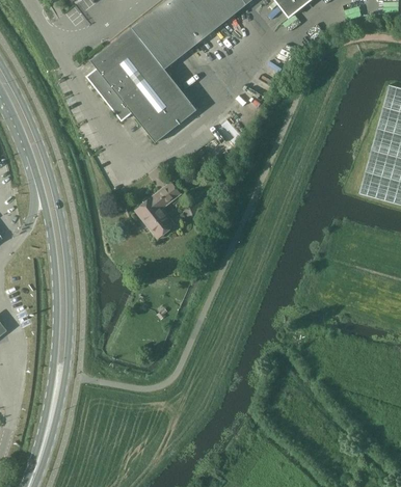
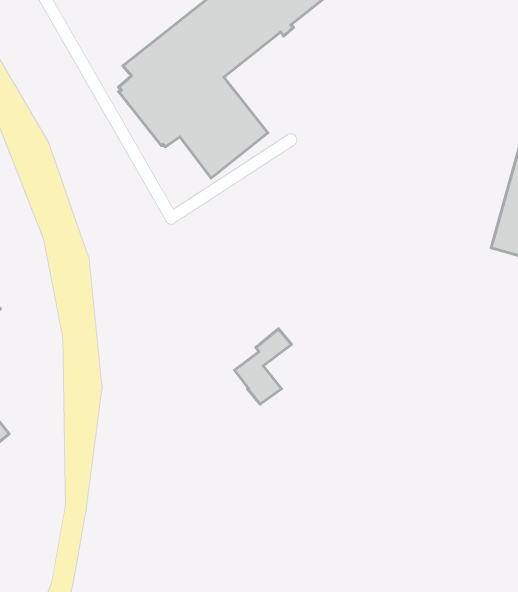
building: [138,182,180,237] -> [235,329,291,404]

